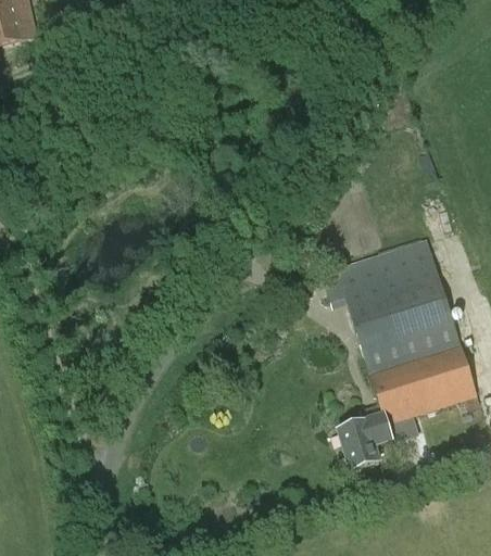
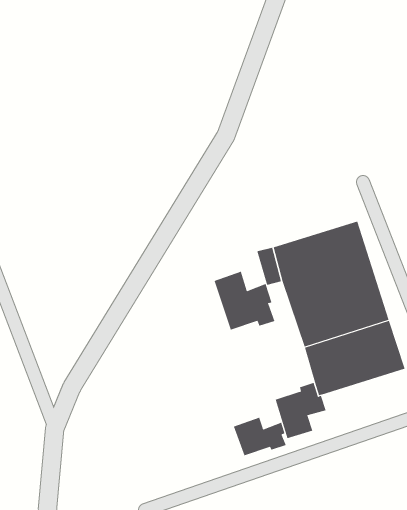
building: none -> [214,271,275,330]
building: none -> [233,417,286,456]

